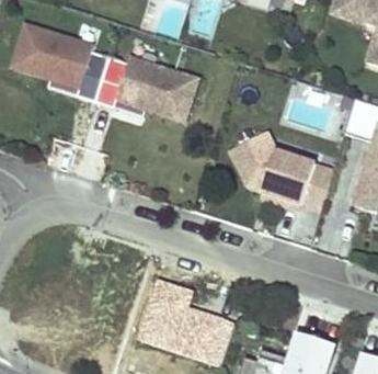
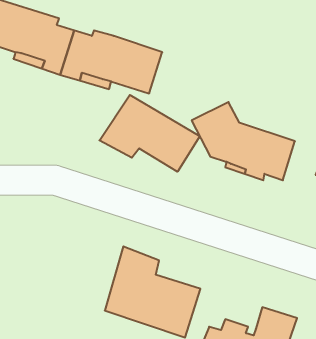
building: none -> [99,95,200,172]

